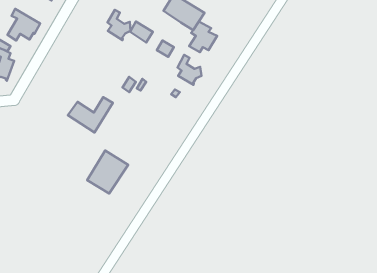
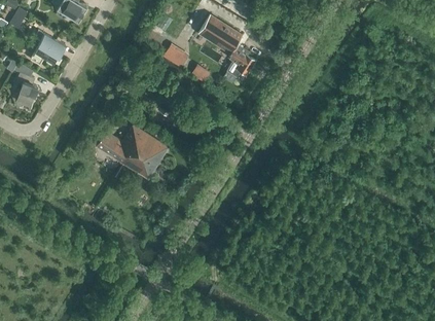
building: [108,10,131,40] -> none
building: [177,55,201,85] -> none
building: [87,150,128,193] -> [123,132,168,178]

